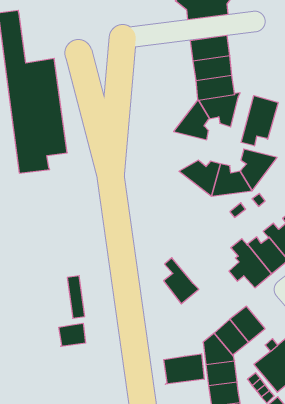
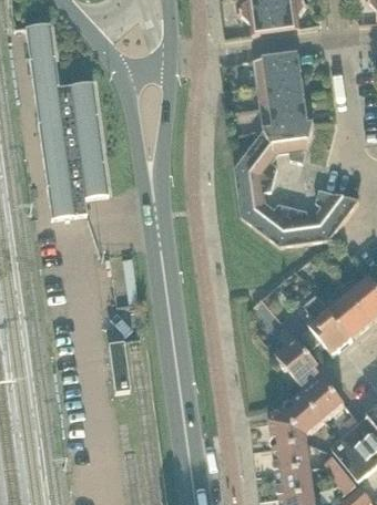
building: [241,96,278,146] -> none
building: none -> [234,166,274,214]
building: [164,258,199,304] -> [276,327,318,382]
building: [59,323,85,346] -> none
building: [164,354,204,384] -> none

